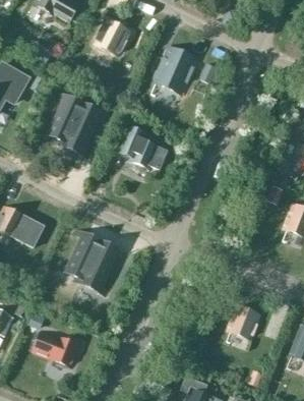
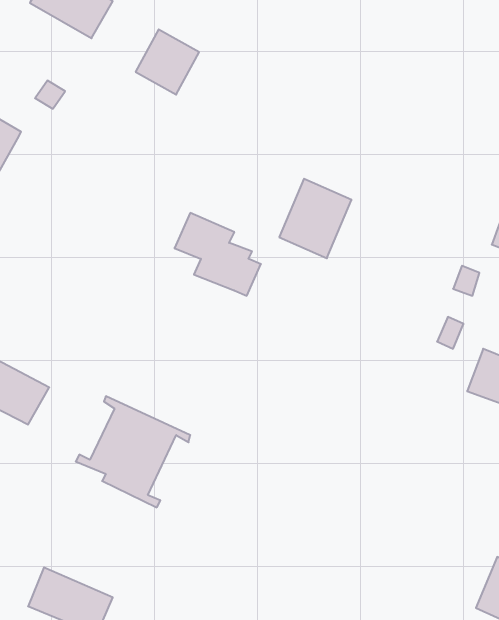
building: [155,47,196,93] -> [279,179,352,258]
building: [40,91,109,158] -> none
building: [228,304,260,337] -> none

